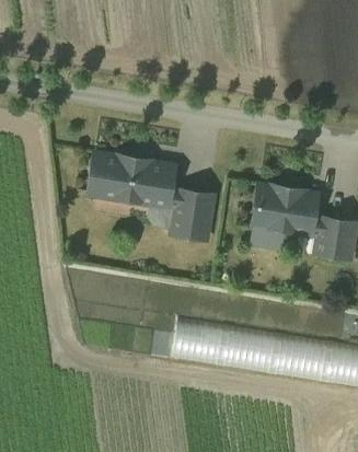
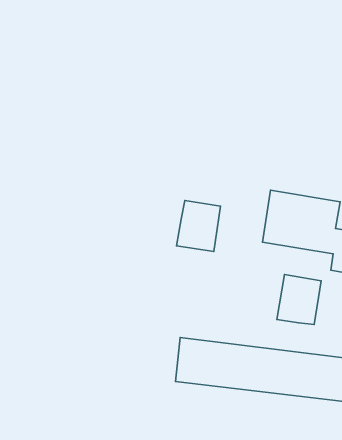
building: [86,153,177,207] -> none
building: none -> [277,275,321,325]

